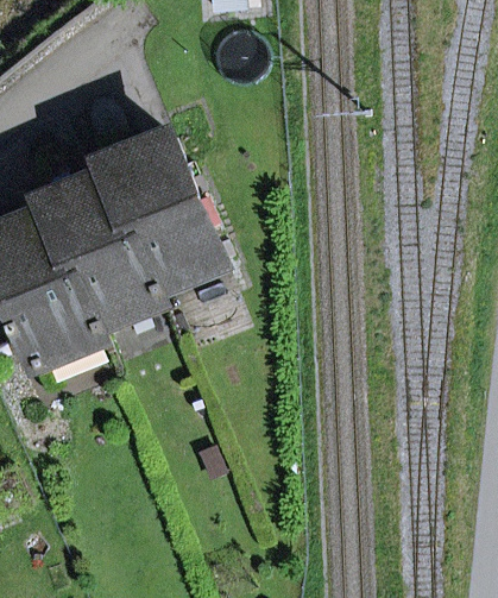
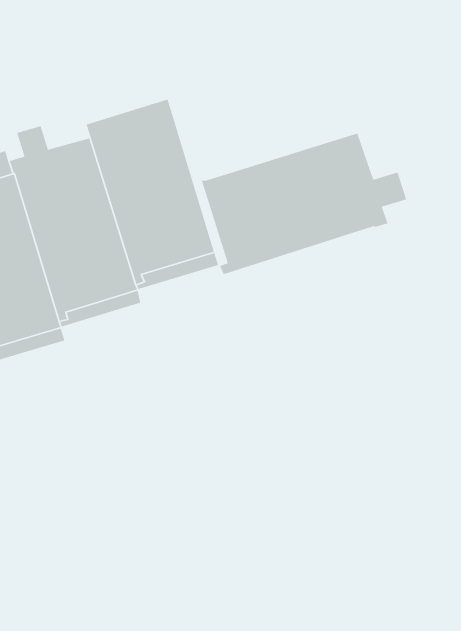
building: none -> [201,133,407,275]

